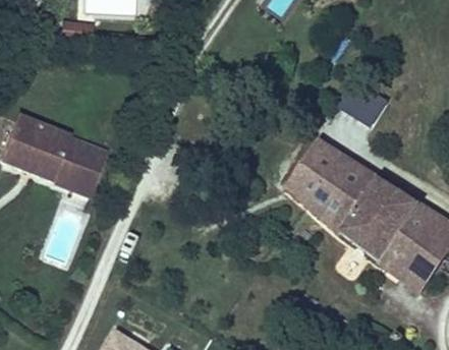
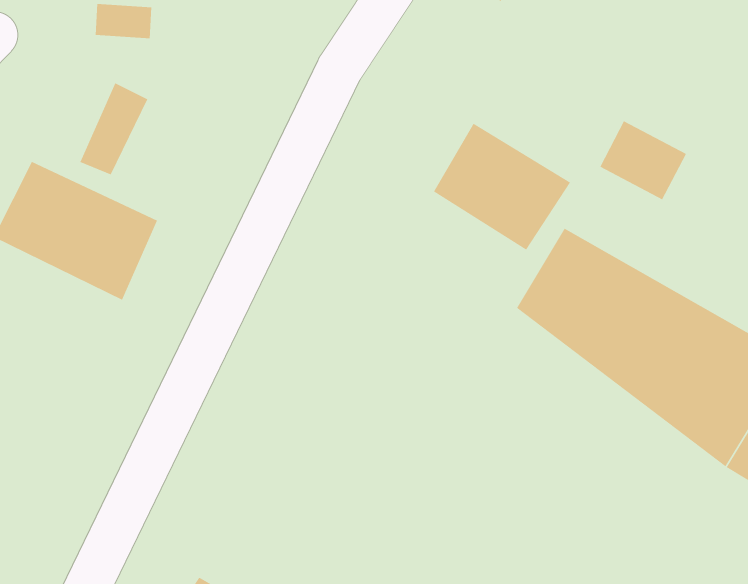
building: none -> [433,123,571,250]
building: [74,138,112,189] -> [80,82,148,175]

